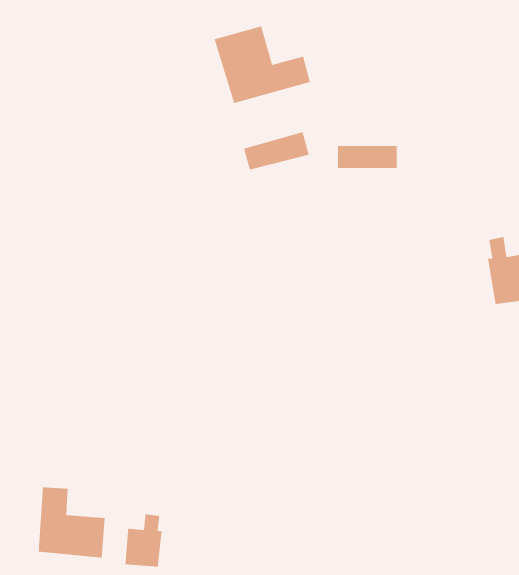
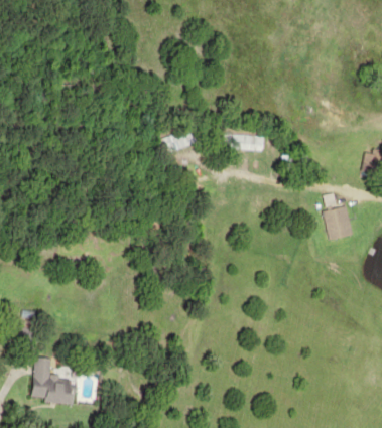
building: [214,25,310,104] -> none
building: [125,514,162,567] -> none

